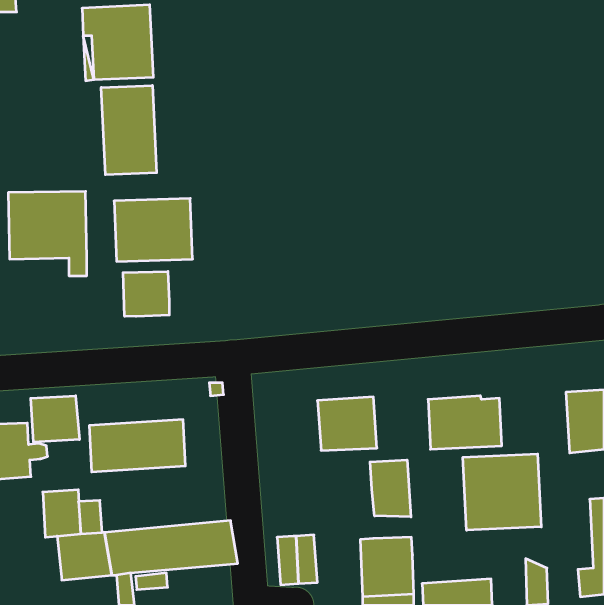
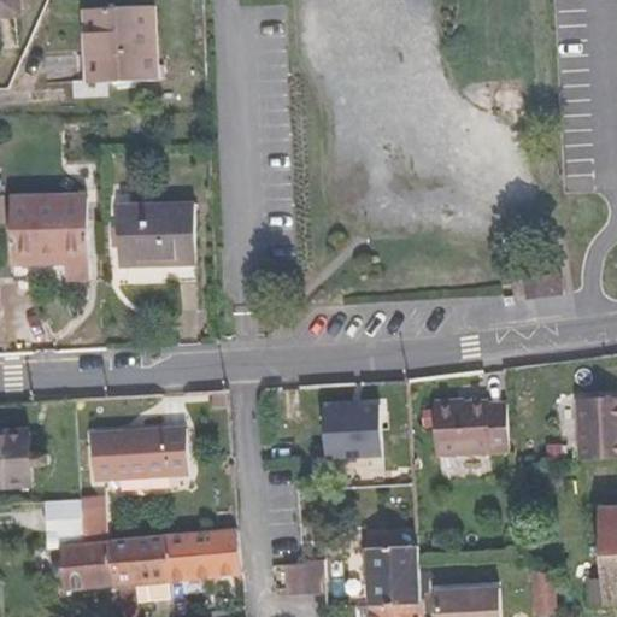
building: [101,85,157,175] -> none
building: [123,271,169,316] -> none
building: [31,396,79,442] -> none
building: [463,454,541,530] -> none
building: [370,460,411,517] -> none

